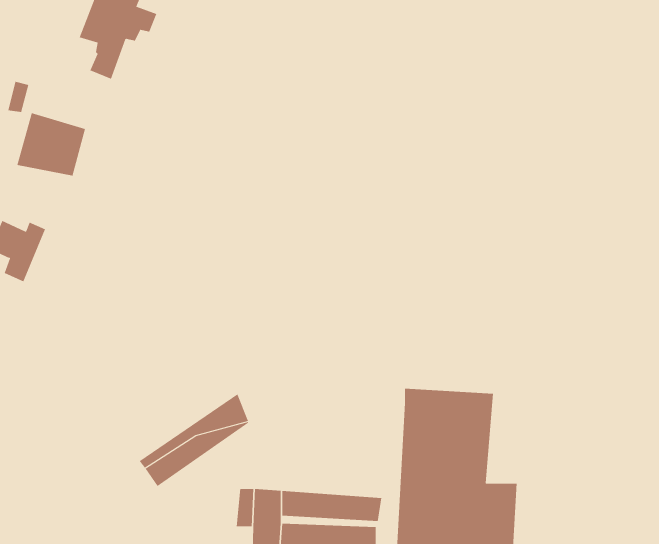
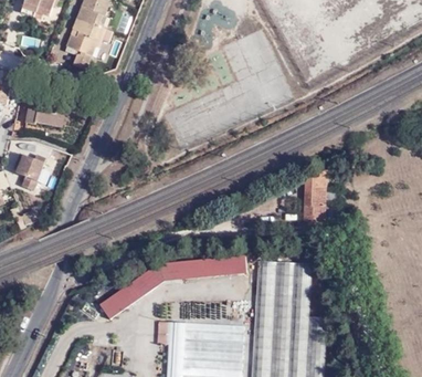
building: none -> [300,170,326,227]
building: none -> [159,254,247,280]

